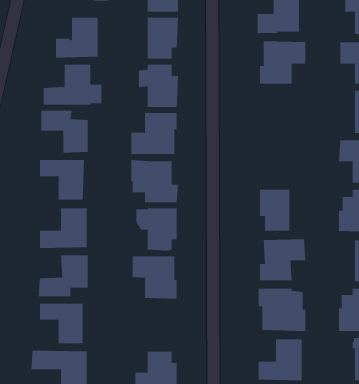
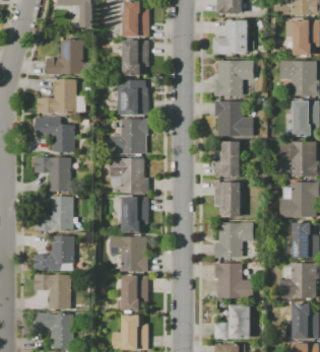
building: none -> [213,101,252,136]
building: none -> [213,141,240,177]
building: none -> [121,275,147,310]

